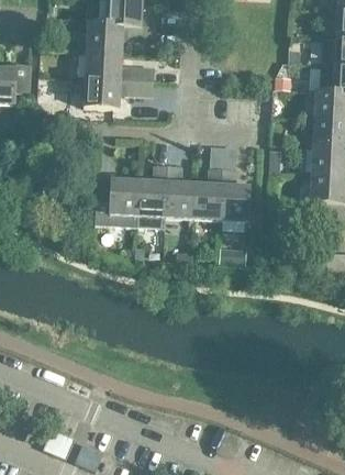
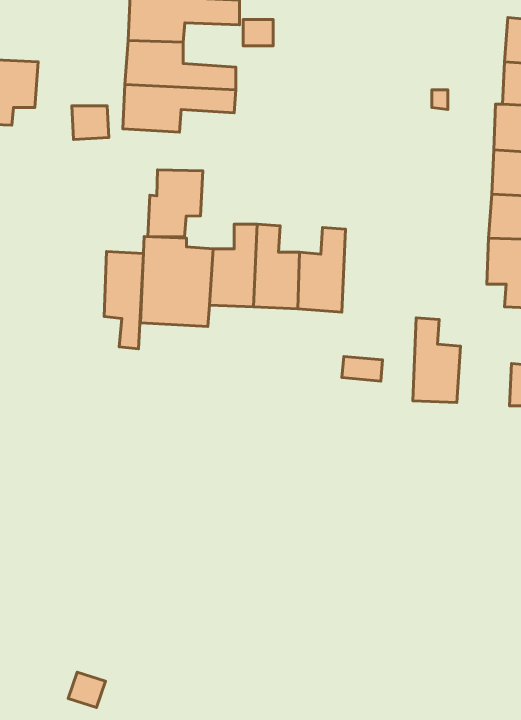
building: none -> [148,170,203,237]
building: [220,167,249,220] -> [413,318,460,402]
building: none -> [104,251,143,349]

